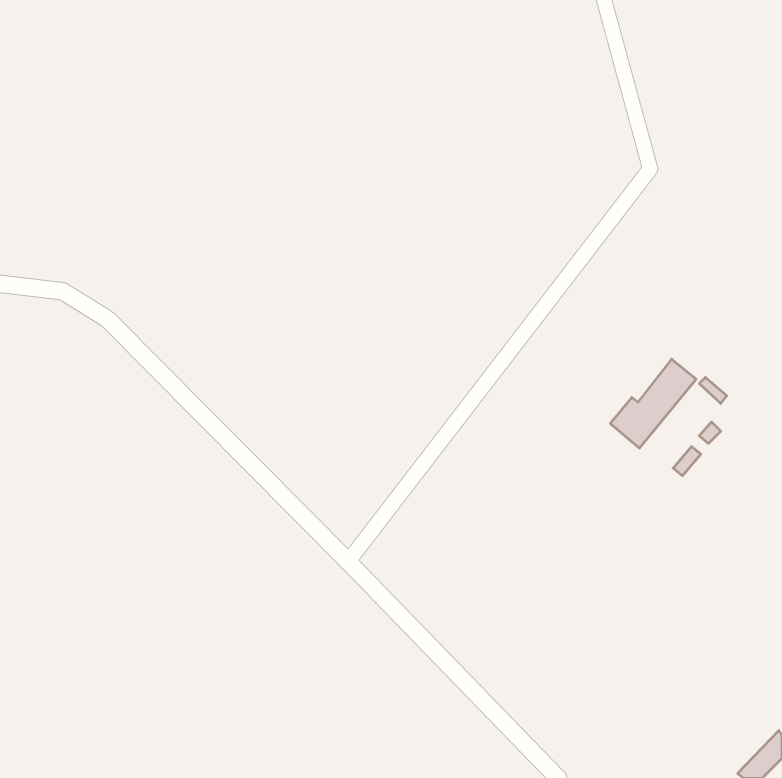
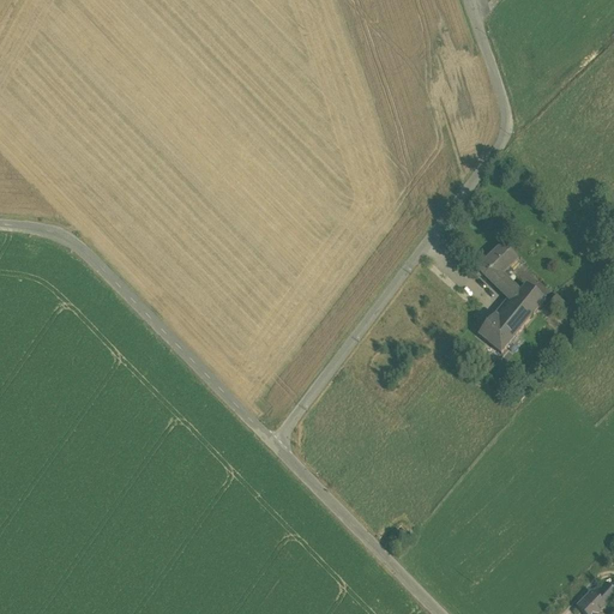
building: none -> [476,240,517,285]

